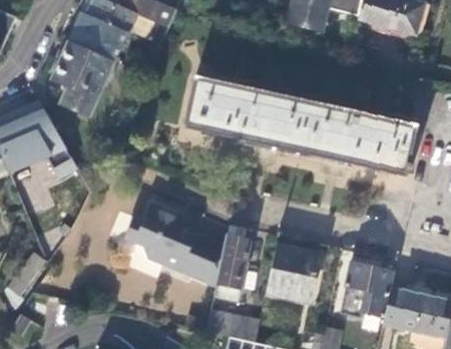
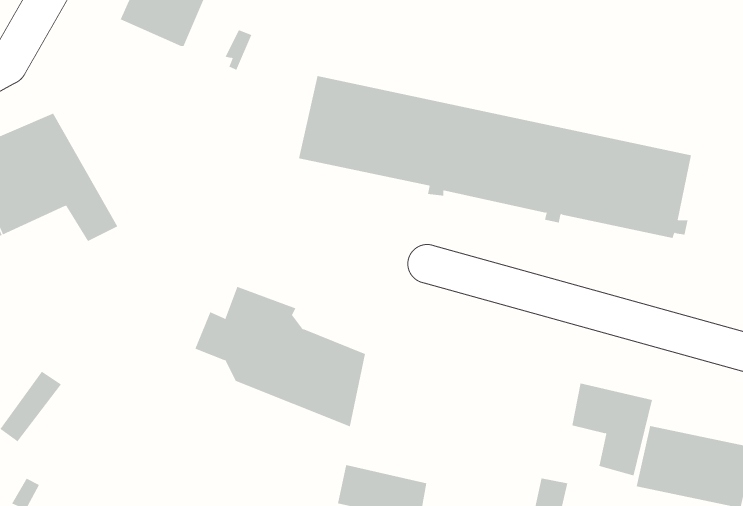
building: [51,40,115,116] -> none
building: [216,224,253,288] -> none
building: [267,243,320,301] -> none

